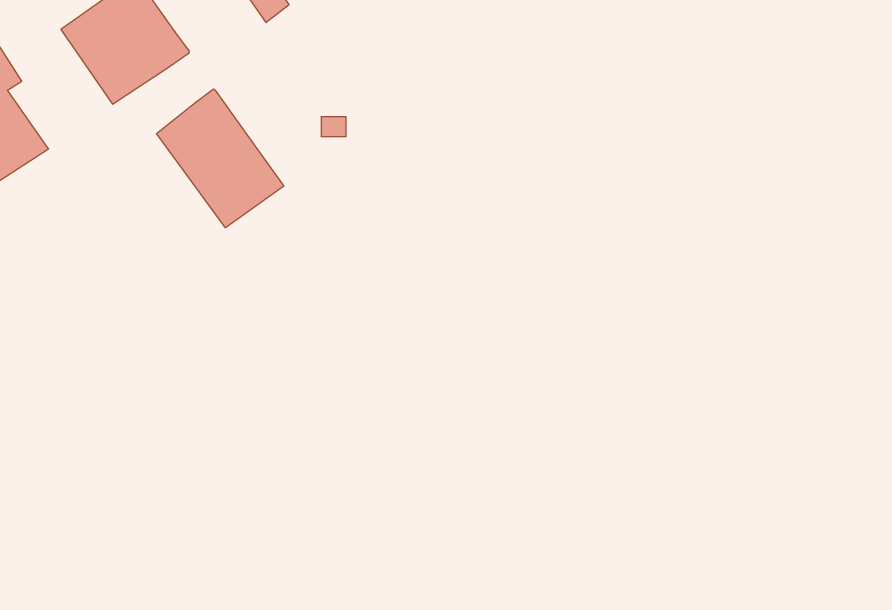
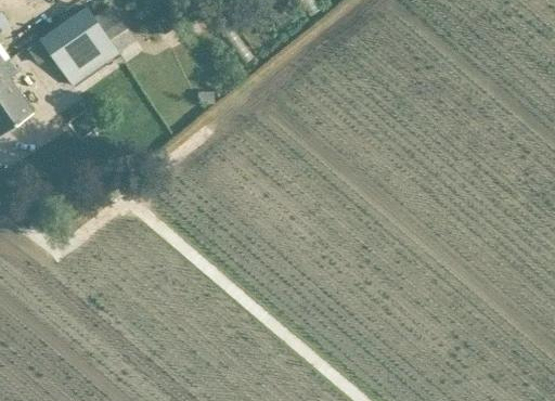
building: [157,89,284,228] -> none

